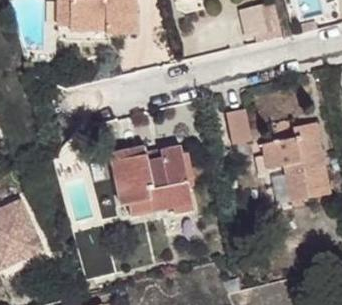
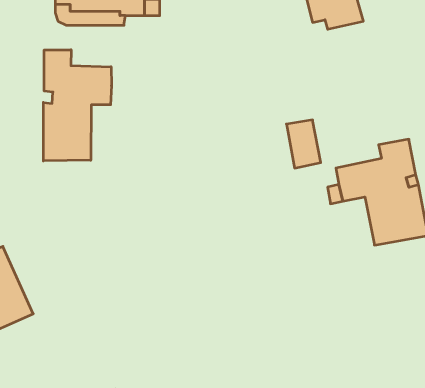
building: none -> [43,50,111,161]
building: [118,145,192,215] -> none

